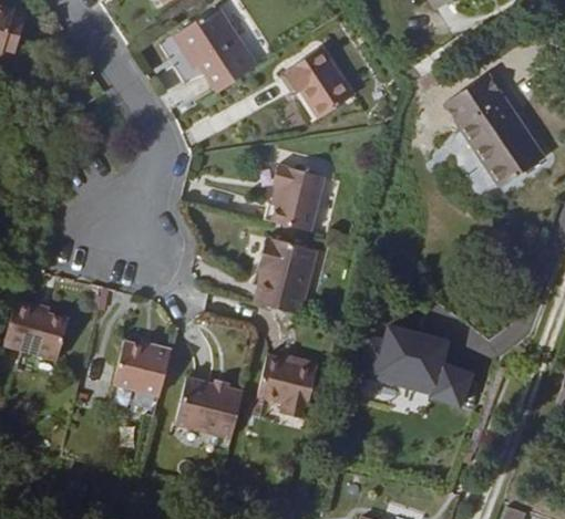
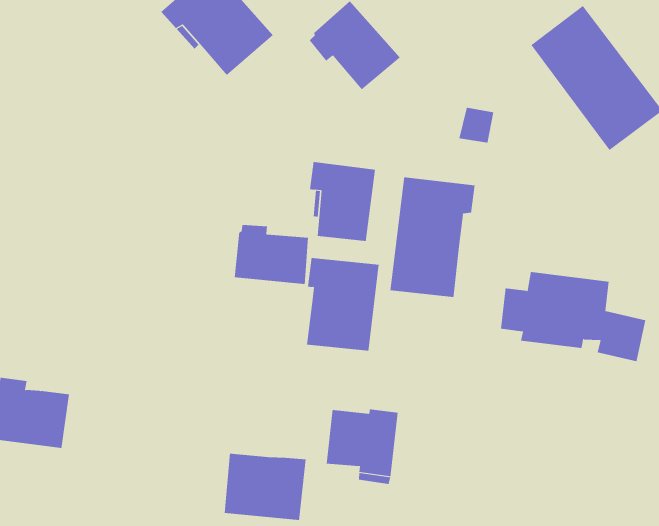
building: none -> [390,176,475,298]
building: none -> [234,224,309,285]
building: [359,326,472,406] -> [500,271,646,362]
building: [106,343,168,417] -> none

